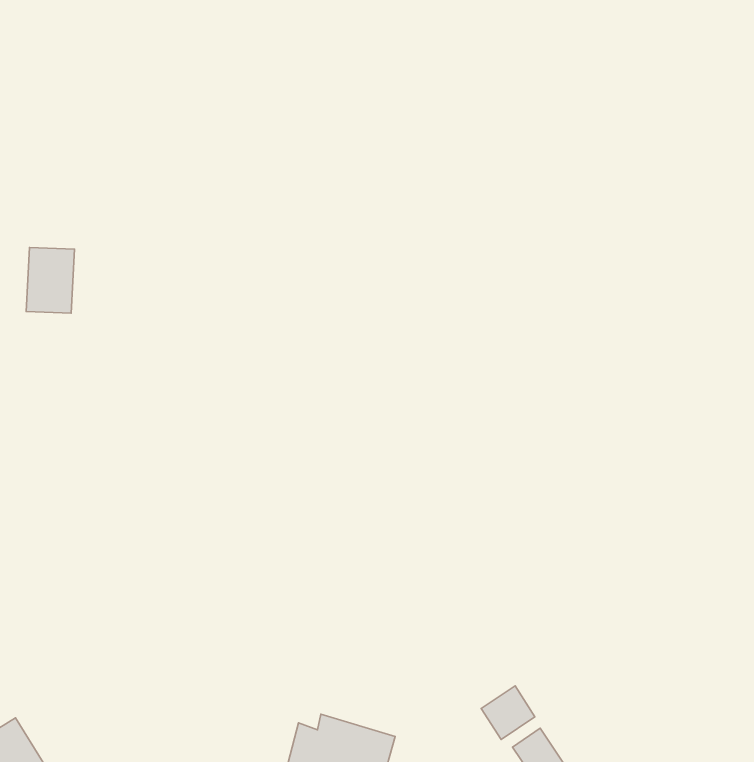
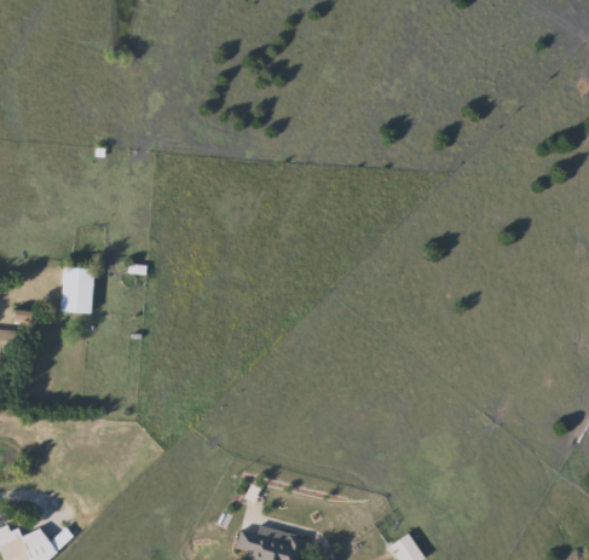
building: [26,248,74,313] -> [62,266,96,312]
building: [481,686,535,739] -> none

